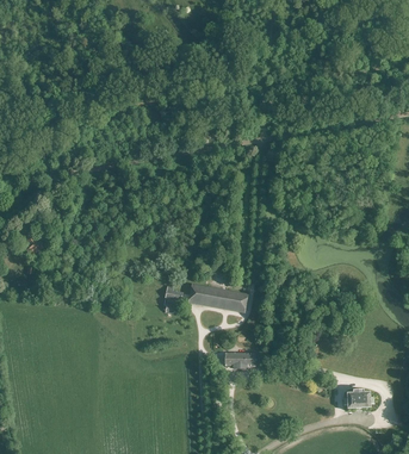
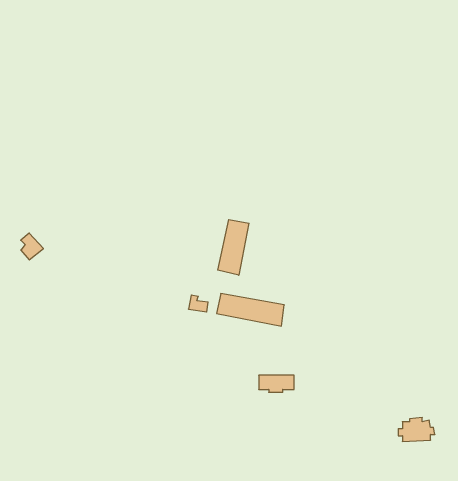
building: none -> [218,220,249,275]

